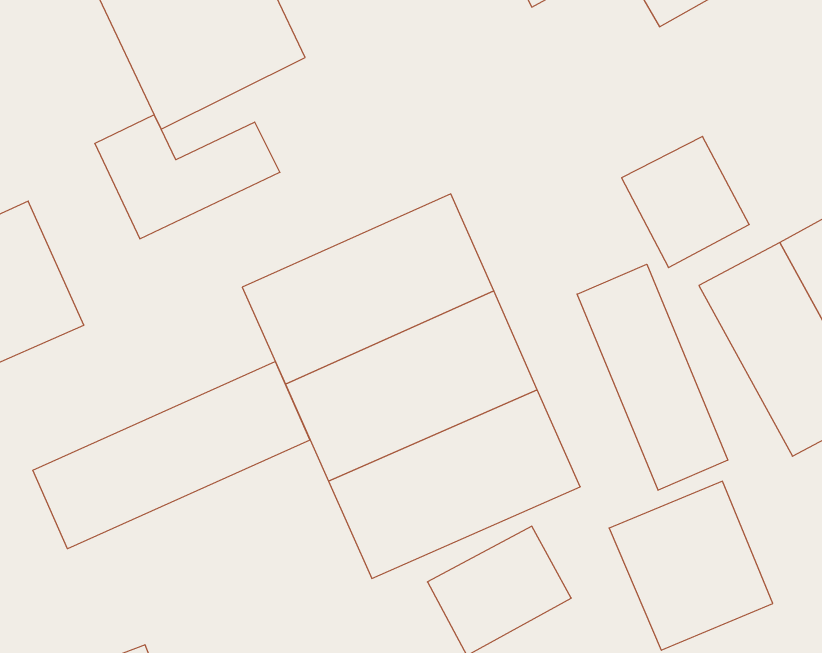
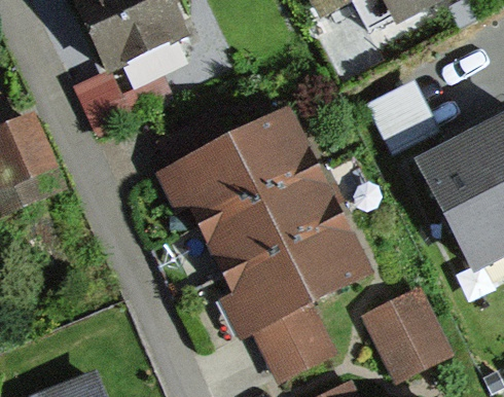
building: [577,264,728,490] -> none
building: [33,362,310,549] -> none

